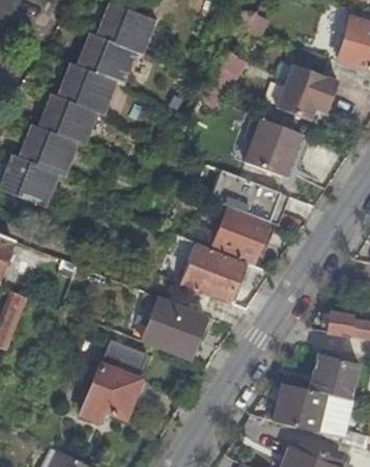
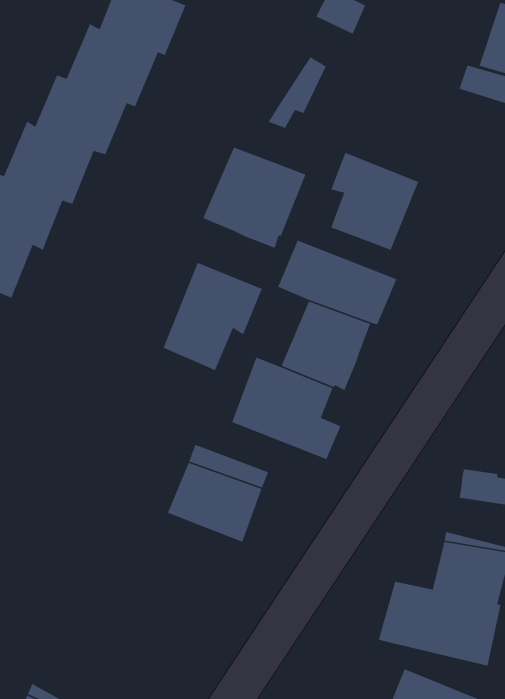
building: [276,63,337,119] -> none
building: none -> [202,146,306,249]
building: none -> [162,262,263,371]
building: [81,339,146,420] -> none

